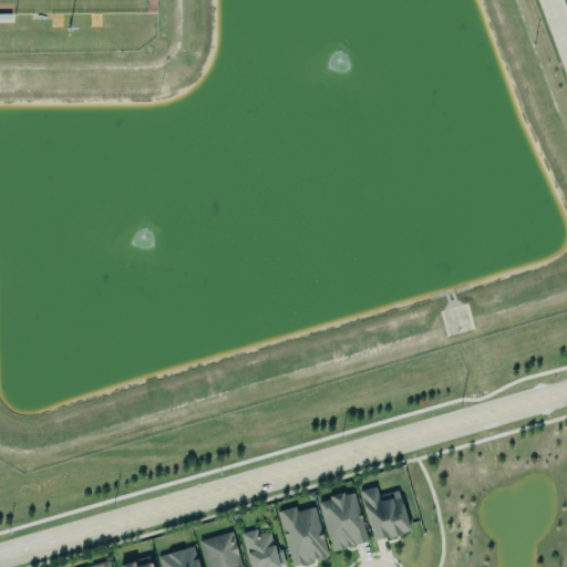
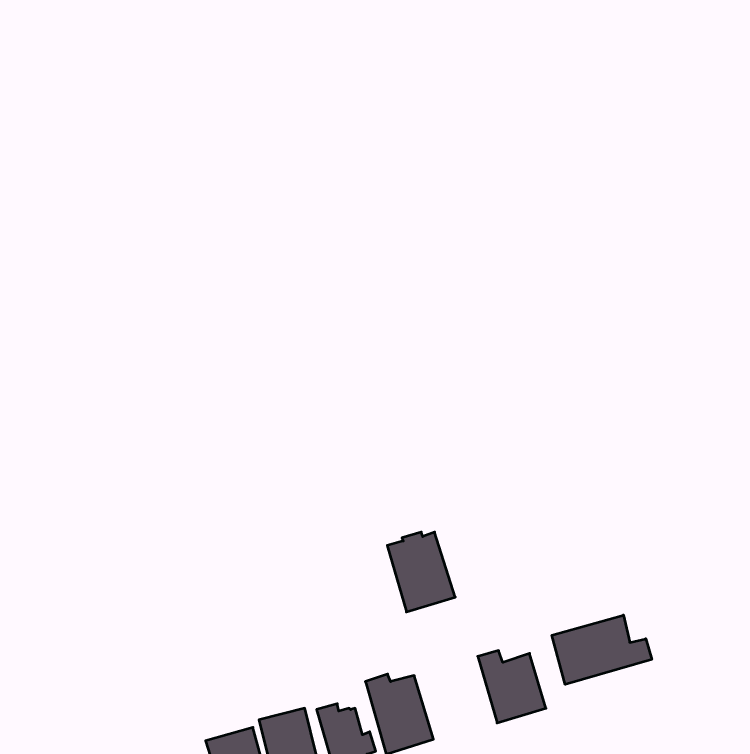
building: none -> [552,615,652,684]
building: [318,492,369,551] -> [387,532,455,612]

